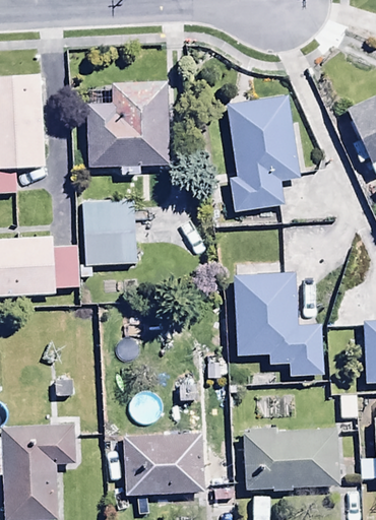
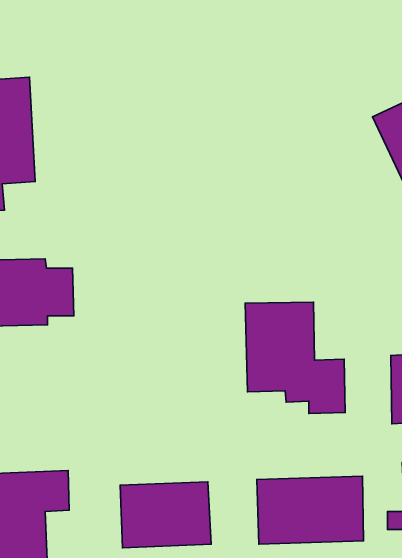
building: [87,81,169,175] -> none
building: [226,96,299,210] -> none
building: [81,196,139,264] -> none

